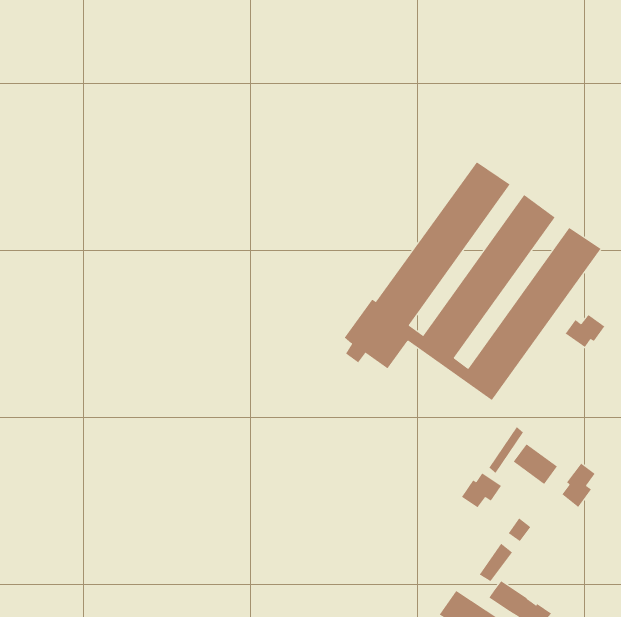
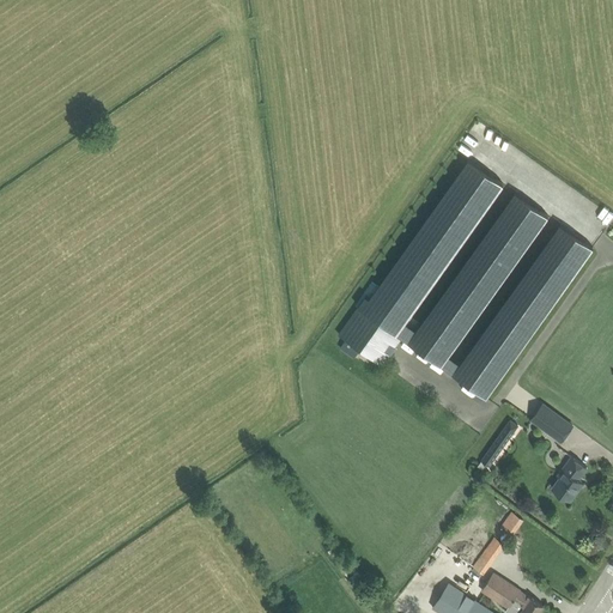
building: [565,314,605,348] -> none
building: [513,443,558,485] -> [529,405,573,445]
building: [461,473,502,508] -> none

